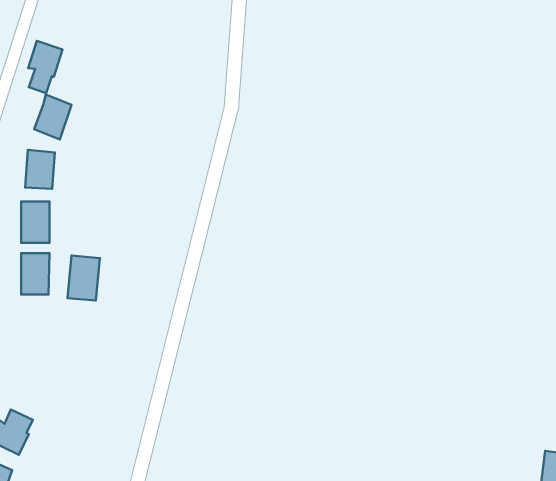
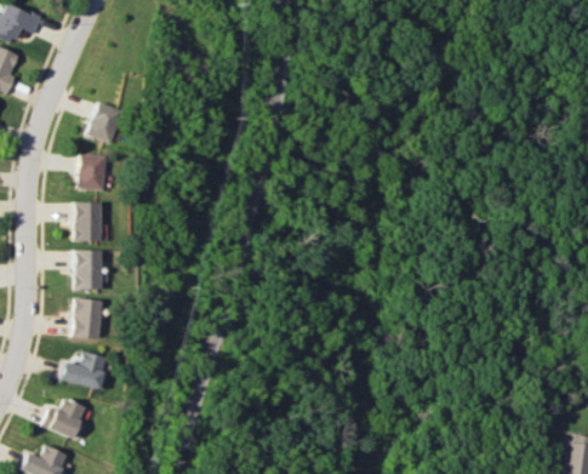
building: [28,41,63,93] -> none
building: [68,255,100,301] -> [72,297,102,339]
building: none -> [62,350,105,390]

